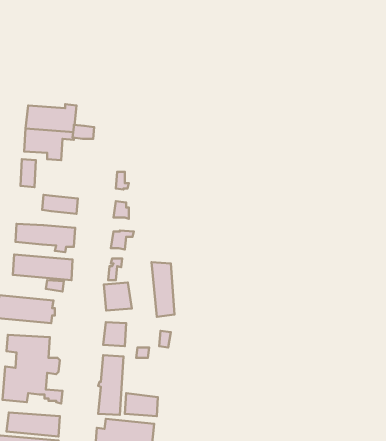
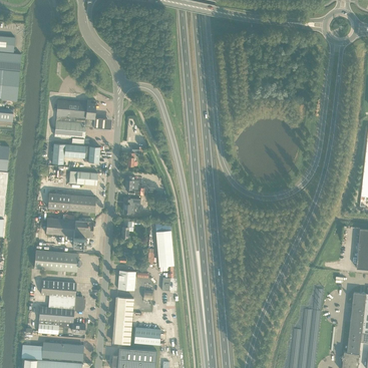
building: none -> [63,143,99,162]
building: [104,283,132,310] -> none

